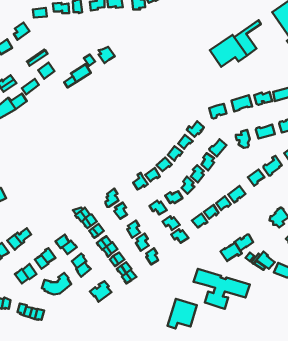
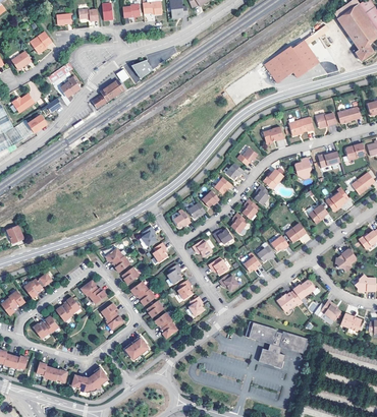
building: [42,273,71,294] -> [72,365,107,391]
building: [167,299,197,329] -> none

